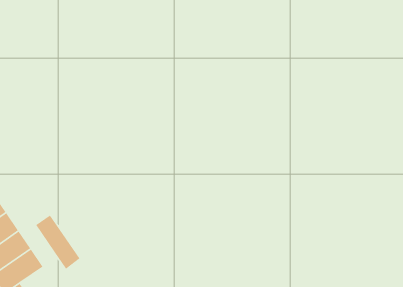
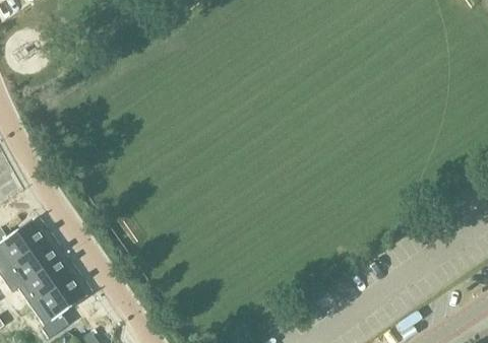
building: [35,215,80,269] -> none

